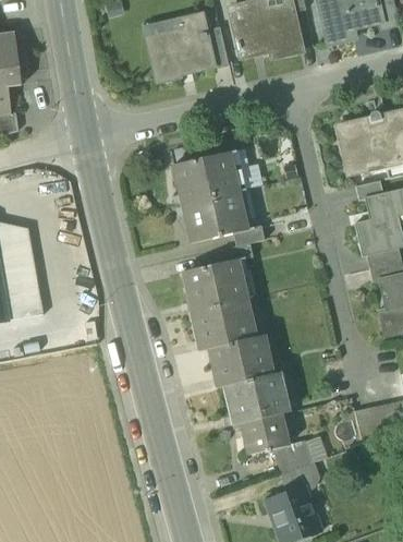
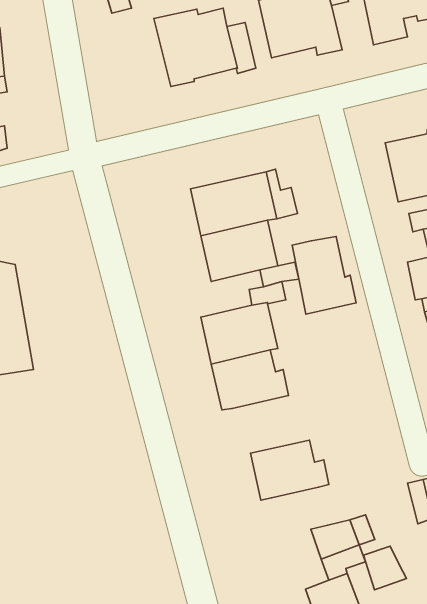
building: none -> [292,236,356,314]
building: [208,335,272,385] -> none
building: [241,412,288,454] -> none
building: none -> [364,546,406,590]

